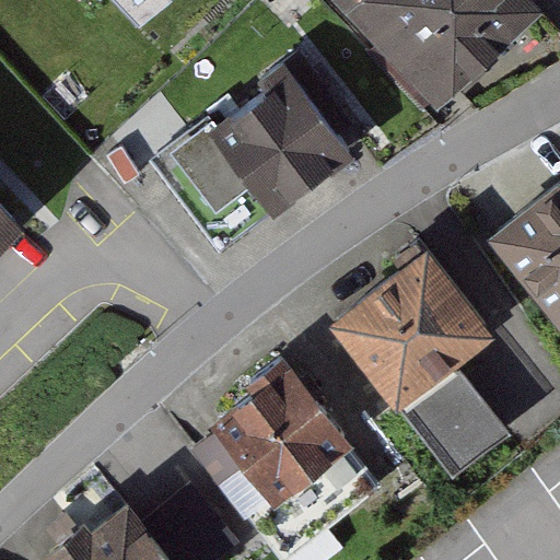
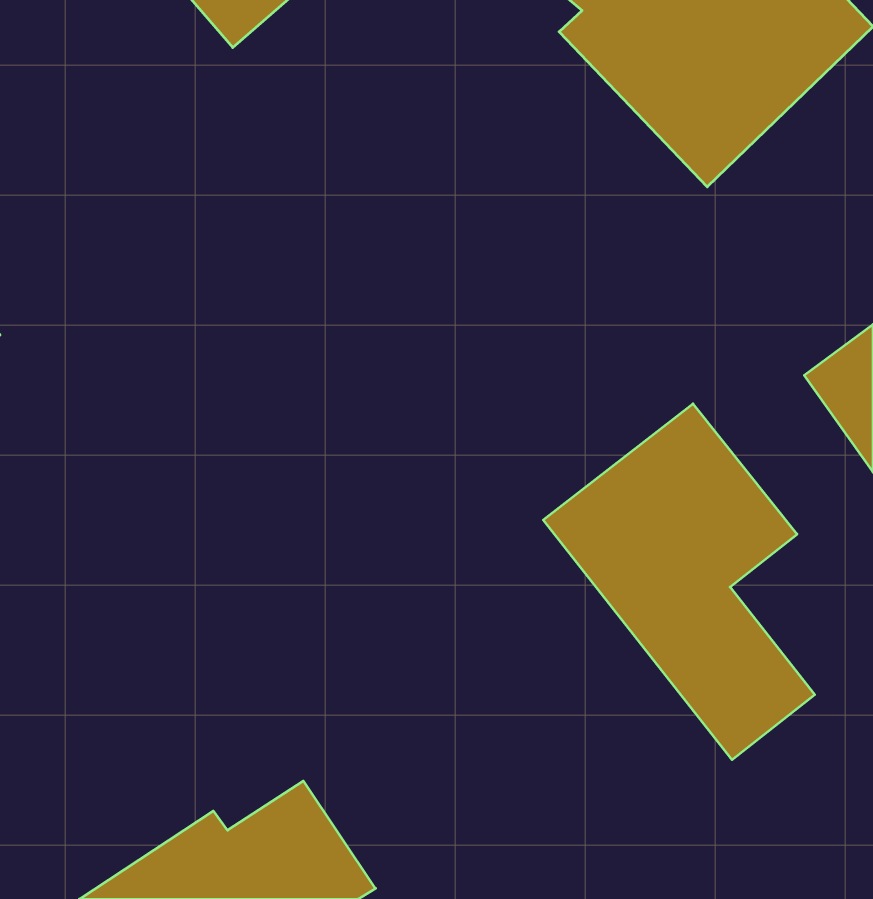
building: [177,73,355,219] -> none
building: [209,370,347,508] -> none

